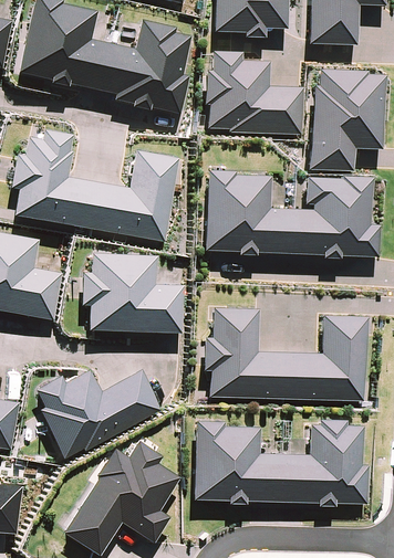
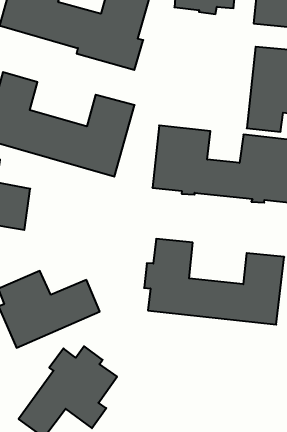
building: [210,55,307,136] -> none
building: [72,249,179,334] -> none
building: [198,423,370,509] -> none

